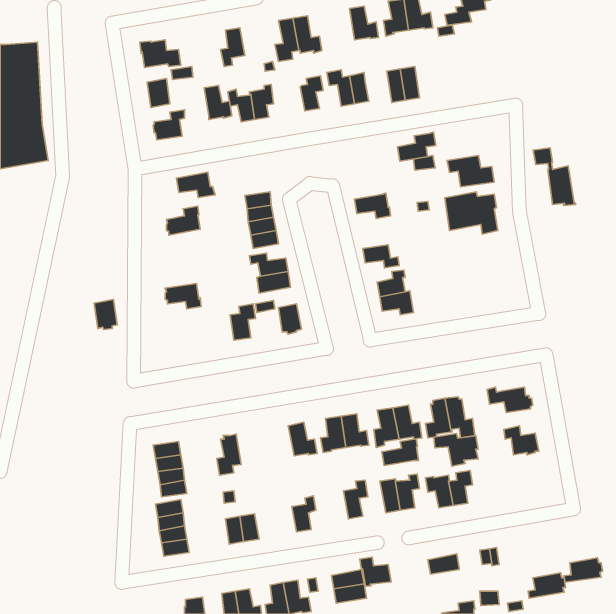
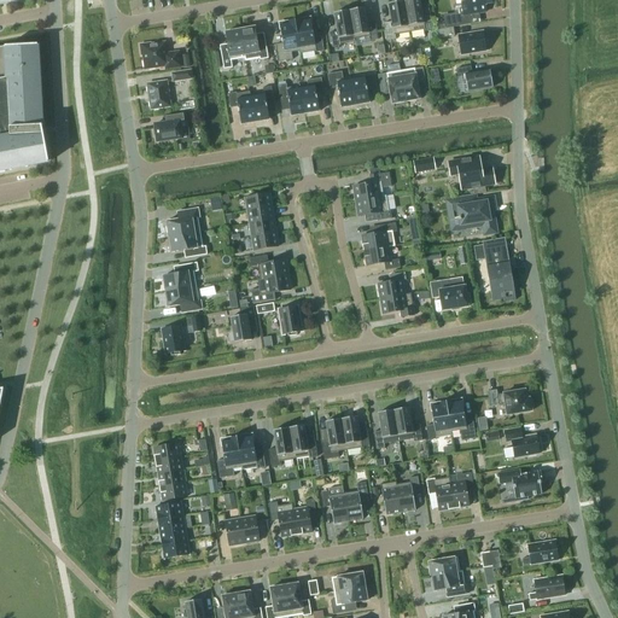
building: none -> [330,8,355,45]
building: none -> [457,29,488,52]
building: none -> [456,63,492,89]
building: none -> [278,82,305,113]
building: [204,86,232,119] -> [240,25,268,59]
building: [397,132,436,161] -> [352,170,391,199]
building: [533,148,575,206] -> [473,241,515,299]
building: [176,172,215,197] -> [169,229,208,255]
building: none -> [361,221,397,249]
building: none -> [163,261,199,288]
building: none -> [430,279,470,309]
building: [94,299,117,330] -> [162,323,185,354]
building: none -> [269,426,295,465]
building: none -> [237,432,266,468]
building: [434,433,478,466] -> [497,467,542,500]
building: [382,439,419,465] -> none
building: none -> [320,489,349,521]
building: none -> [268,500,297,535]
building: [360,557,391,586] -> none
building: [564,558,602,582] -> [521,538,560,562]
building: none -> [431,569,467,594]

